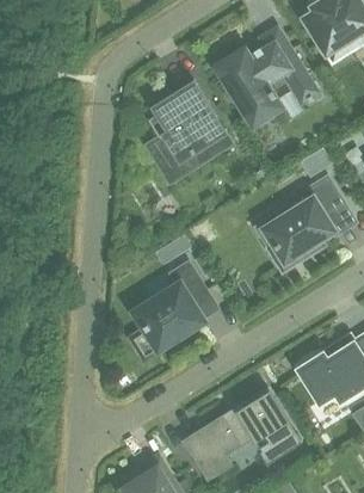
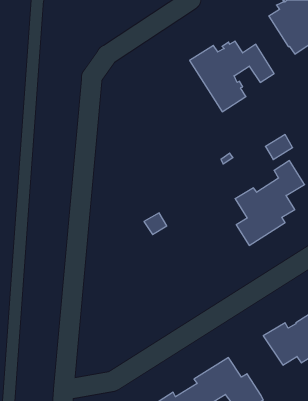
building: [147,82,232,171] -> none
building: [135,263,205,349] -> none

